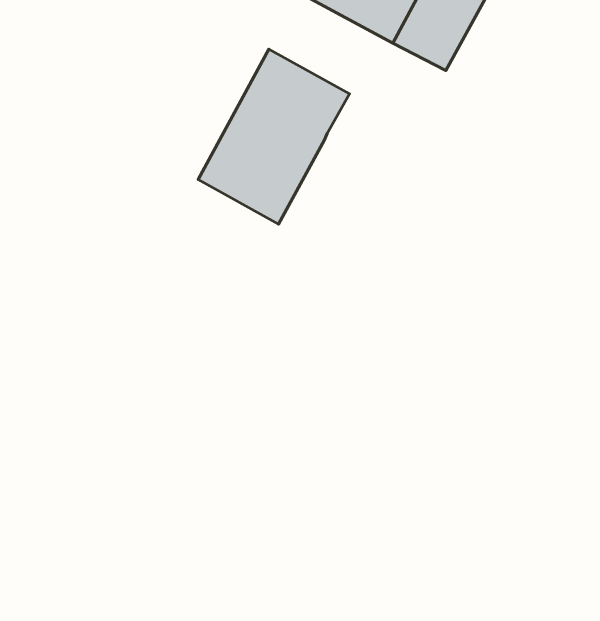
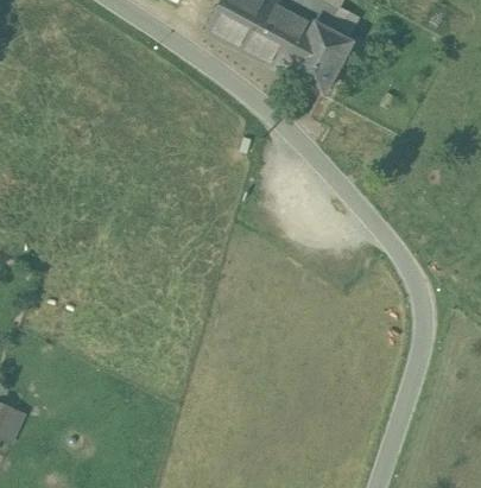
building: [198,49,350,224] -> none

